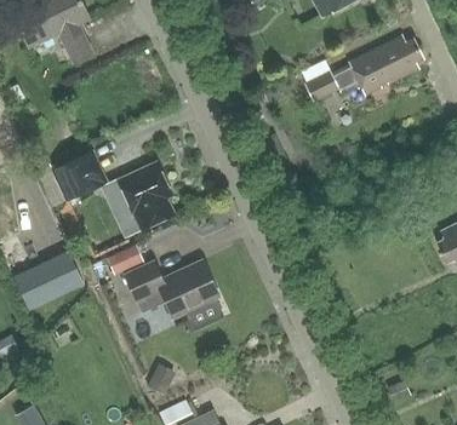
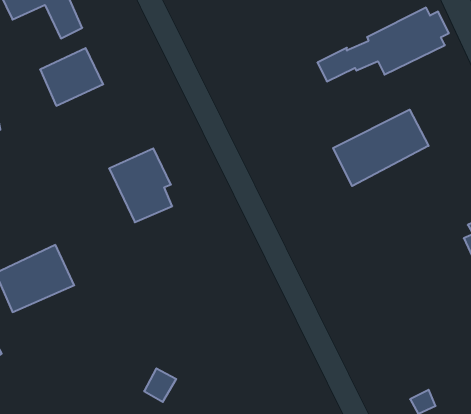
building: none -> [333,110,429,186]
building: [48,150,105,202] -> [40,48,103,106]
building: [107,247,218,318] -> none

